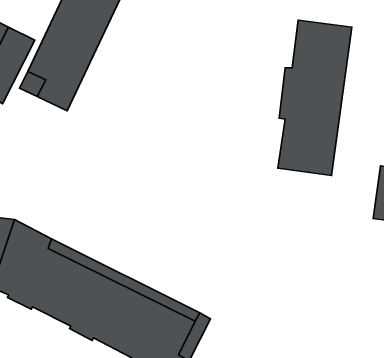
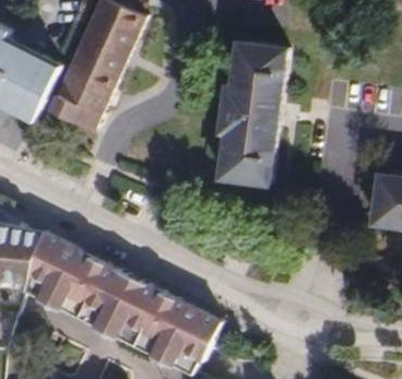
building: [278,20,352,175] -> [220,42,287,183]

